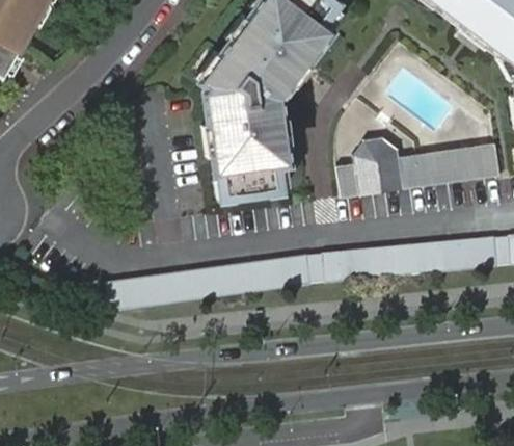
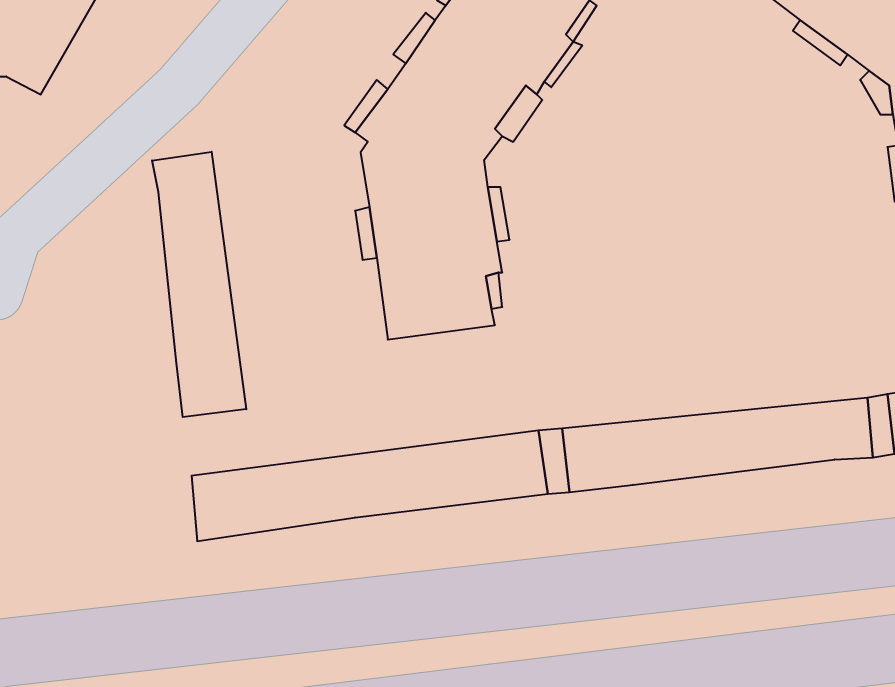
building: none -> [152,152,246,417]
building: [336,131,506,198] -> none

